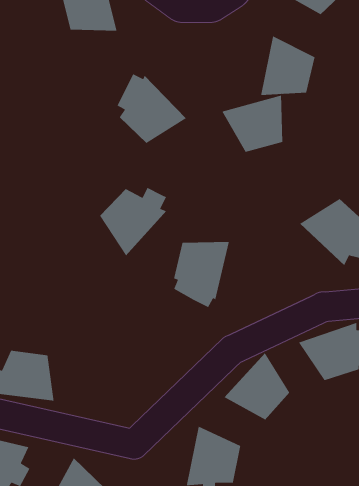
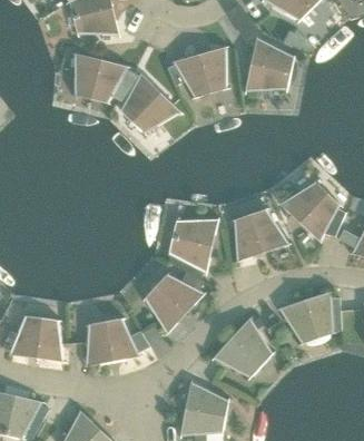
building: none -> [75,53,132,102]
building: [221,95,283,153] -> [173,47,227,98]
building: [99,187,167,256] -> [144,272,204,333]
building: none -> [234,208,288,262]
building: none -> [86,317,149,365]

